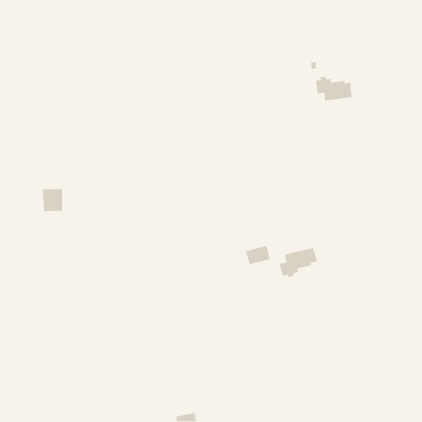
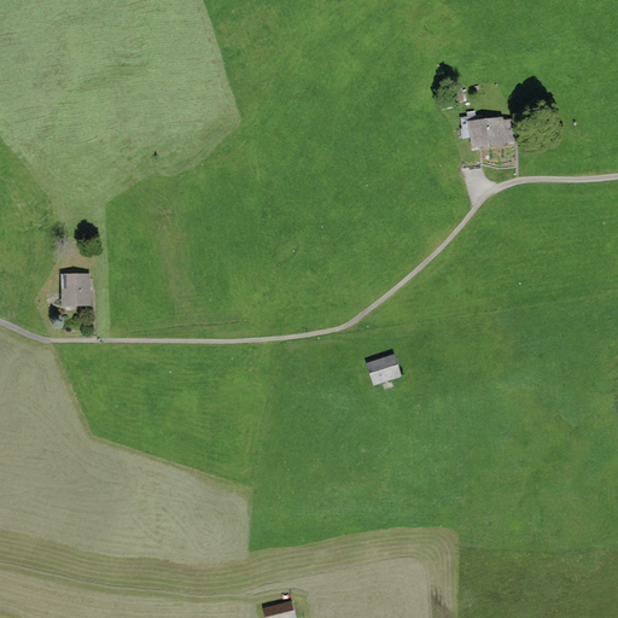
building: [279,247,318,278] -> none

